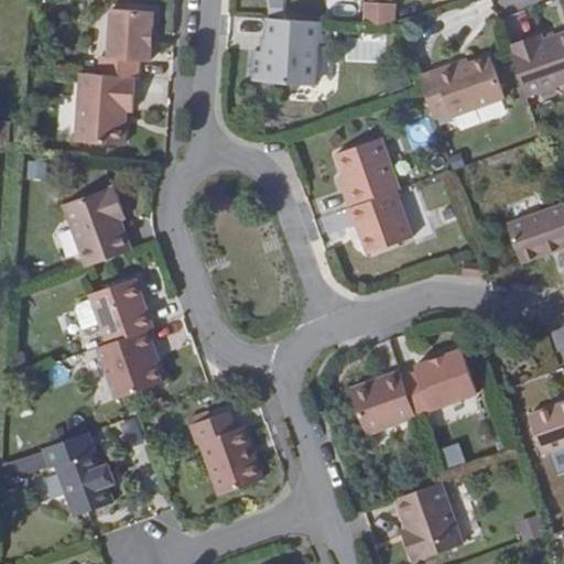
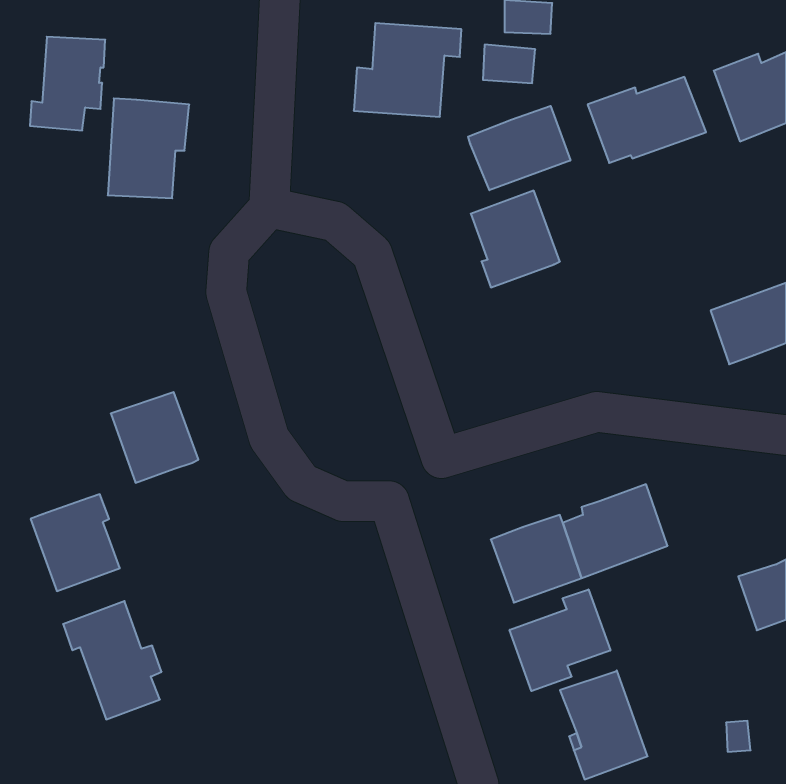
building: [98,8,152,75] -> [30,37,105,130]
building: none -> [468,106,570,190]
building: [64,184,132,265] -> none
building: [348,189,413,252] -> none
building: [88,332,152,401] -> [31,494,120,591]
building: [186,410,260,494] -> none
building: none -> [510,589,610,691]

